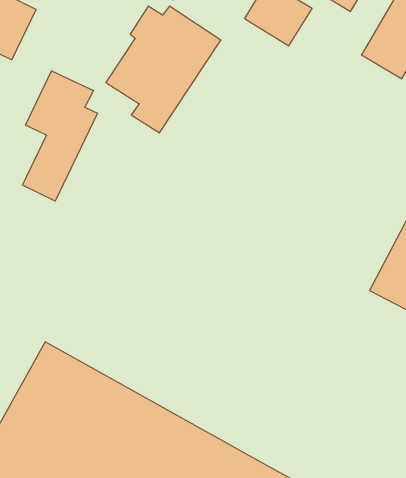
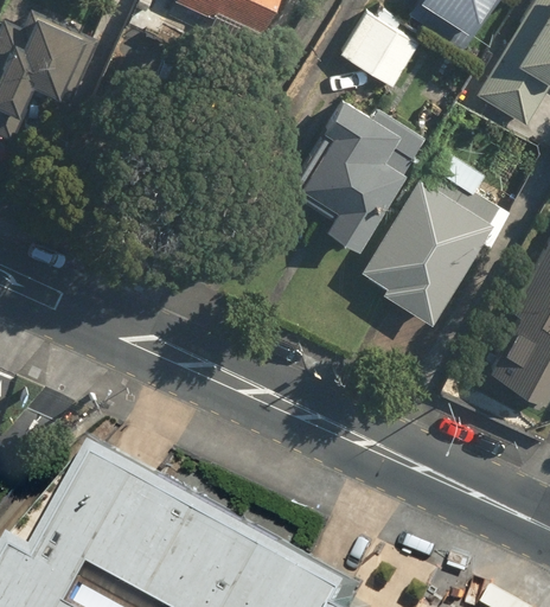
building: [106,6,221,133] -> [290,100,426,249]
building: [22,71,97,201] -> none
building: none -> [359,148,510,326]

